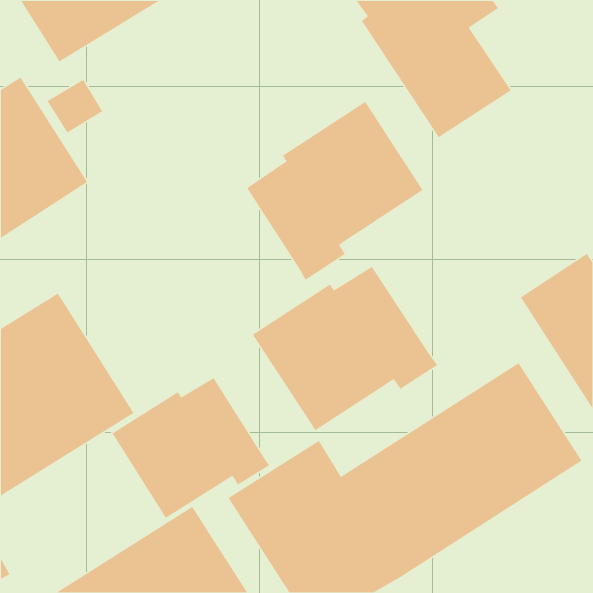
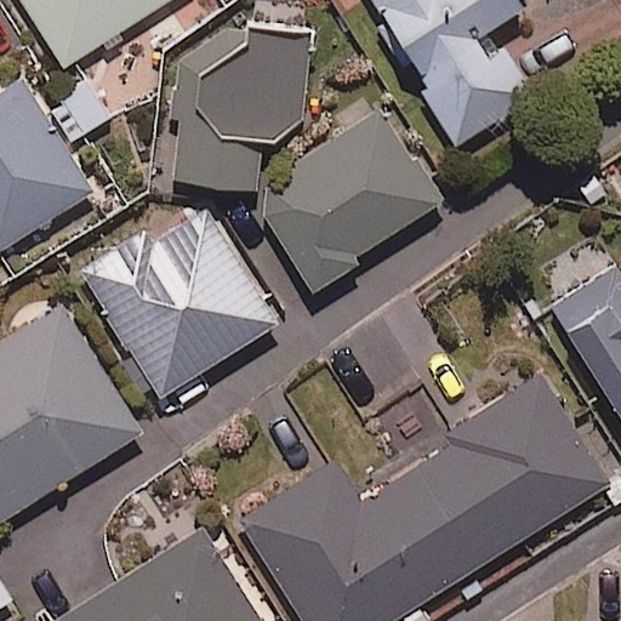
building: none -> [173,28,310,188]
building: none -> [79,205,278,397]
building: [252,266,438,431] -> none
building: [111,377,270,519] -> none

